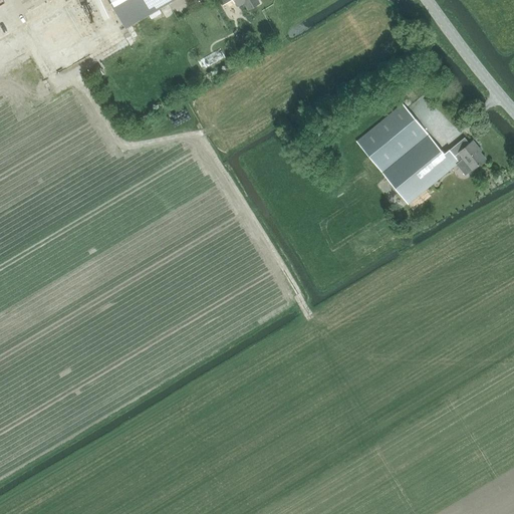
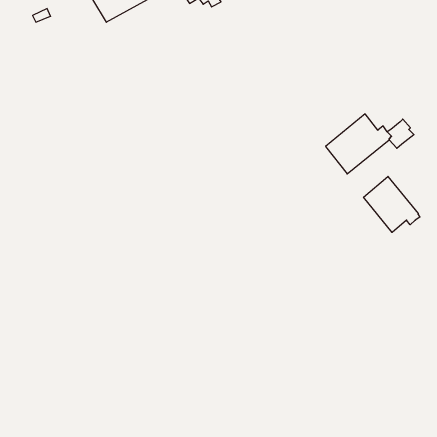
building: [355,102,428,172] -> none
building: none -> [364,176,420,232]

